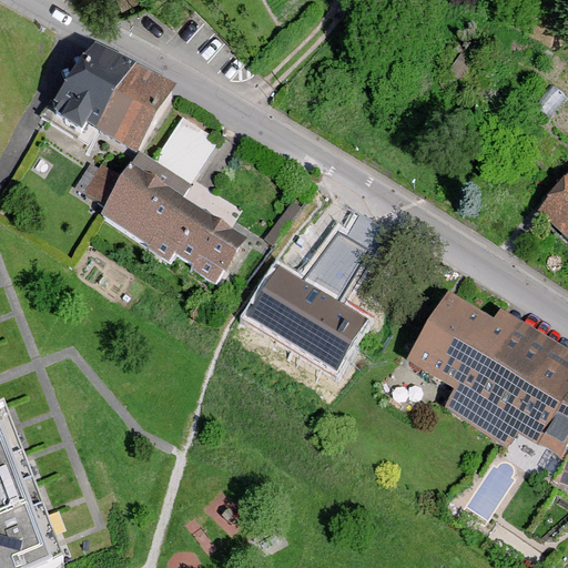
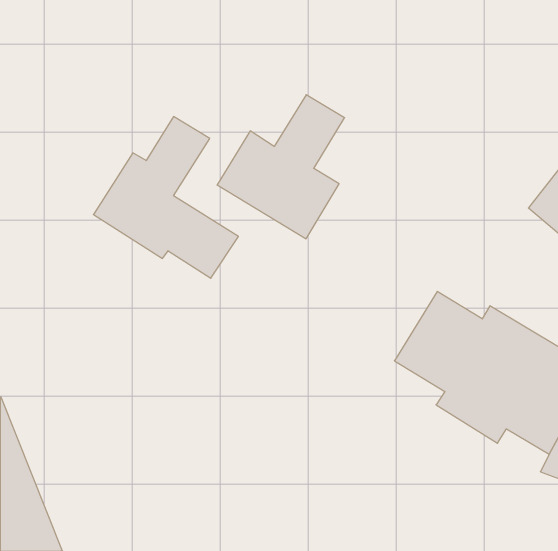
building: [48,45,166,158] -> none
building: [248,216,377,362] -> [217,95,345,239]

